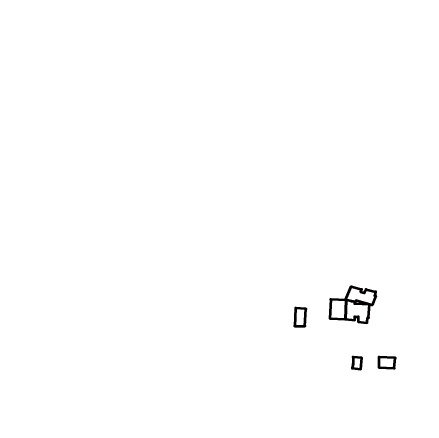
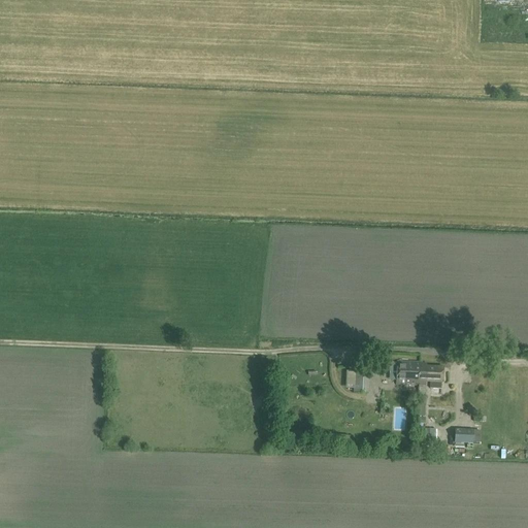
building: [345,287,376,305] -> none

